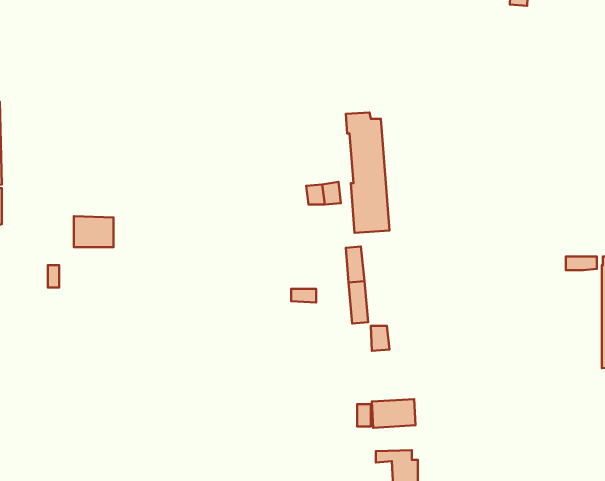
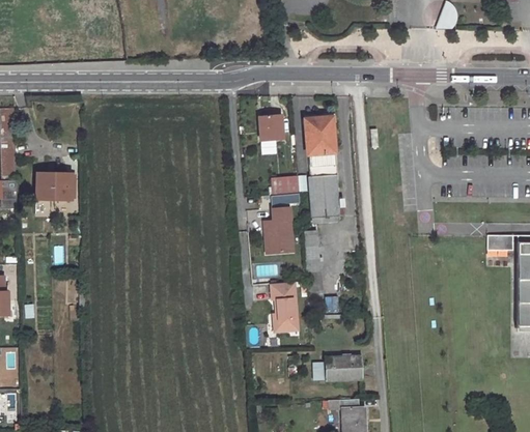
building: none -> [258,112,282,140]
building: [74,216,114,247] -> [37,173,71,199]
building: none -> [264,206,294,252]
building: none -> [271,281,298,329]

